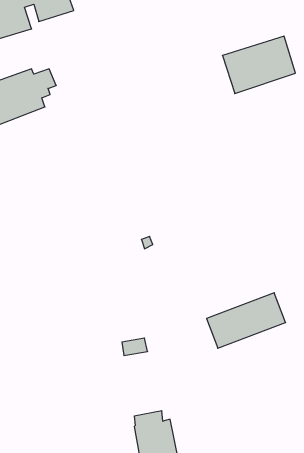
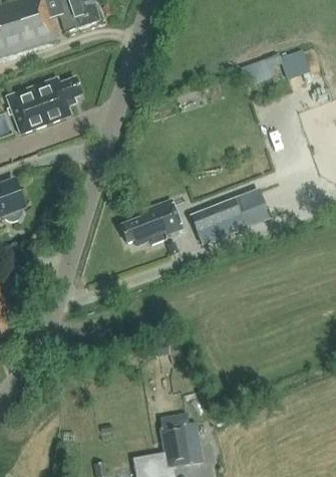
building: none -> [120,199,180,245]
building: [207,293,286,348] -> [191,189,268,243]

